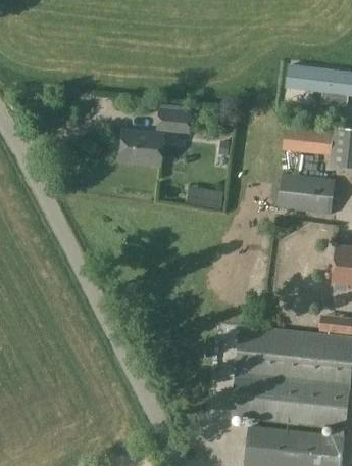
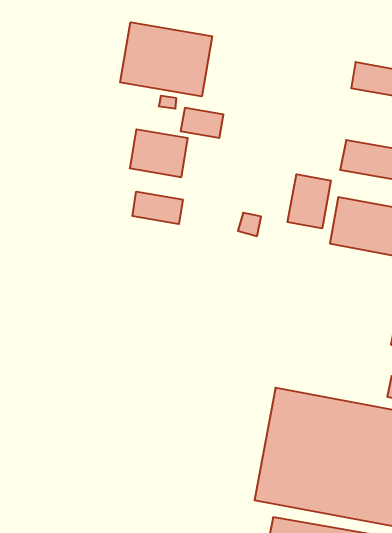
building: none -> [120,22,212,96]
building: none -> [288,174,331,228]
building: none -> [132,192,183,224]

